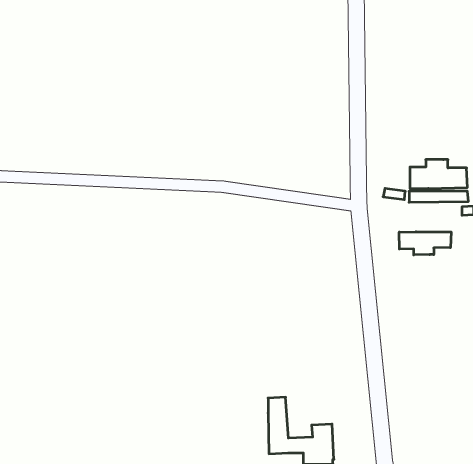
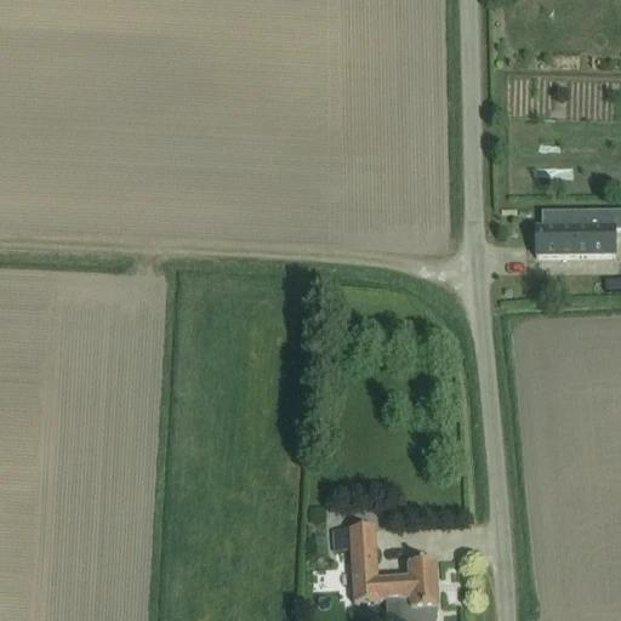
building: [399,232,451,255] -> none

